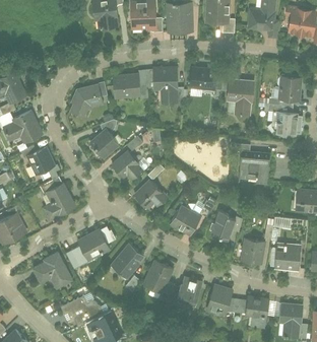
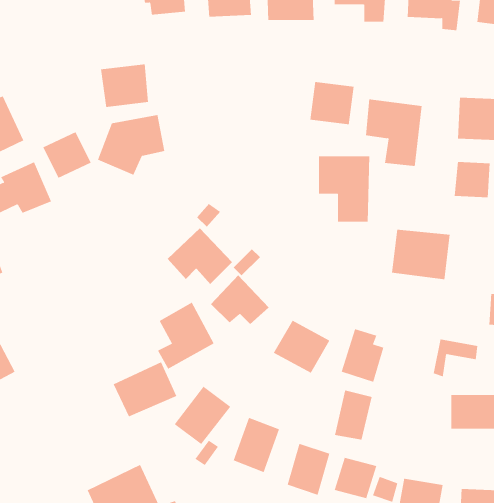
building: [151,67,182,106] -> [318,156,370,222]
building: [112,72,140,97] -> [100,64,149,107]
building: [88,127,120,157] -> none
building: [26,146,55,174] -> [43,132,91,179]
building: [41,180,74,219] -> [157,302,215,370]
building: [239,235,261,265] -> [334,390,372,440]
building: [28,250,75,288] -> none

